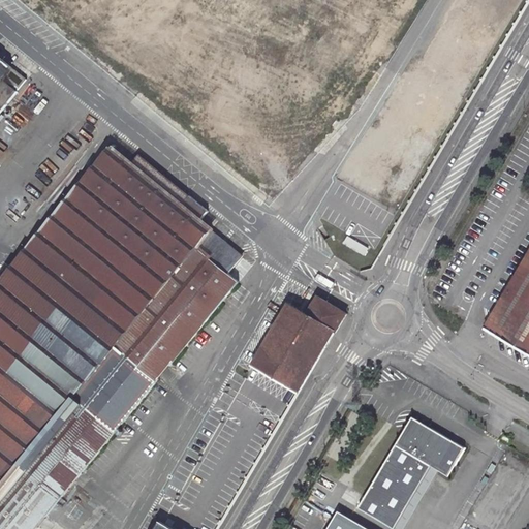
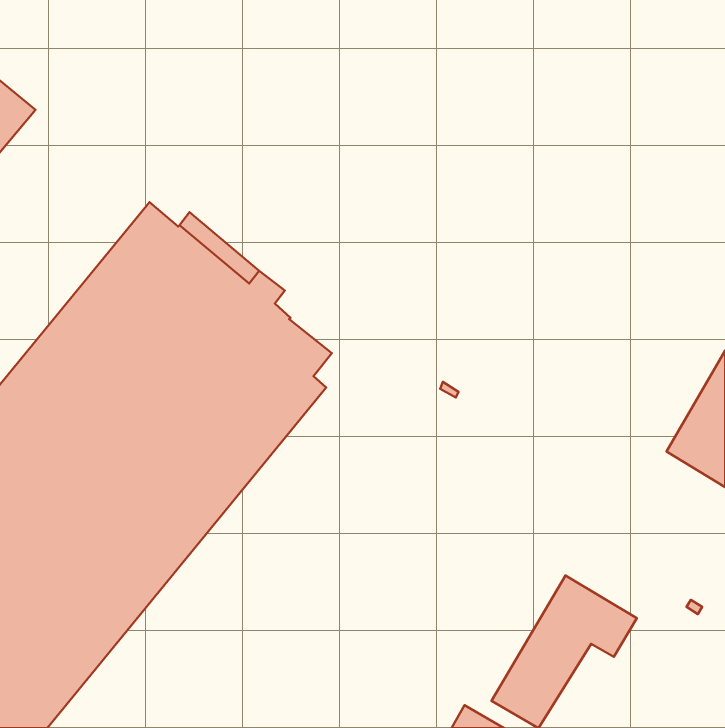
building: [250,298,341,393] -> none

